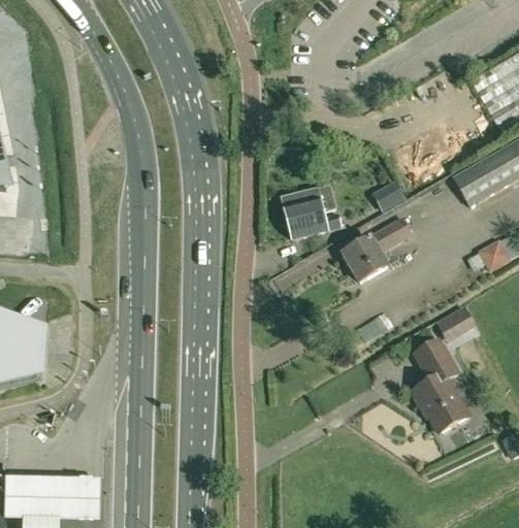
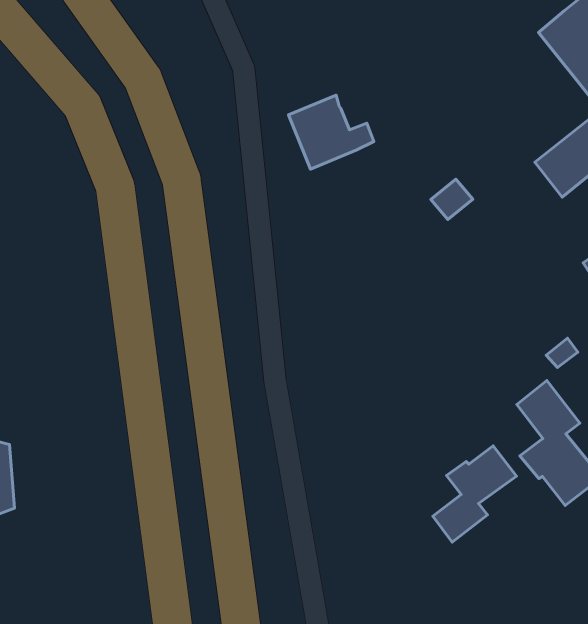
building: [282,188,342,239] -> [289,95,374,169]
building: [344,218,412,282] -> none
building: none -> [433,446,517,542]

